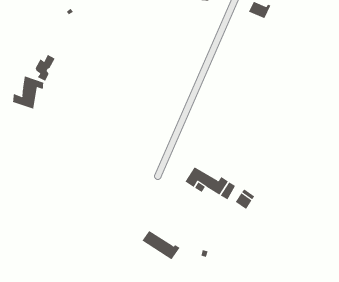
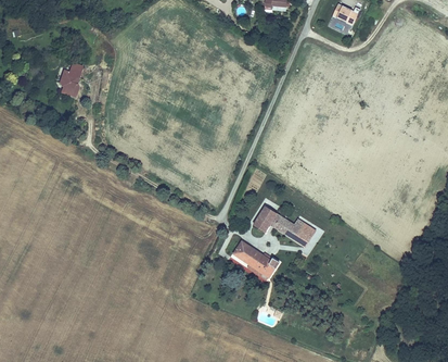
building: [12,75,44,110] -> none
building: [142,230,181,260] -> [232,241,280,278]

